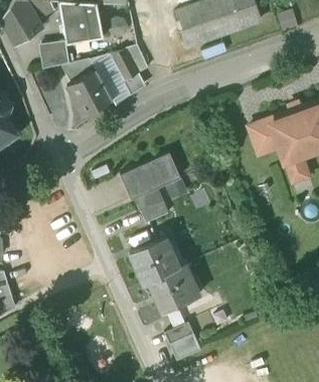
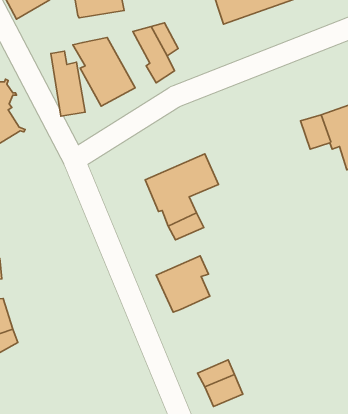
building: [41,40,68,67] -> none
building: [149,265,192,312] -> none

